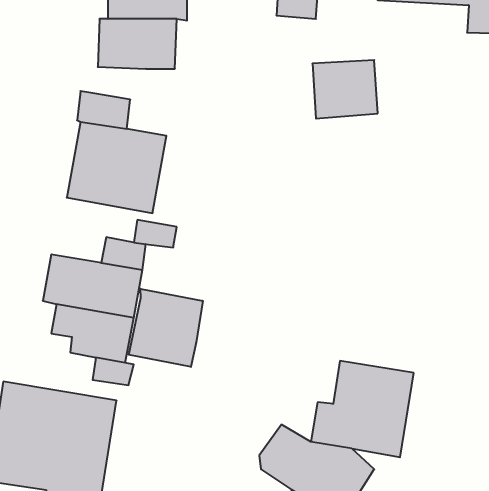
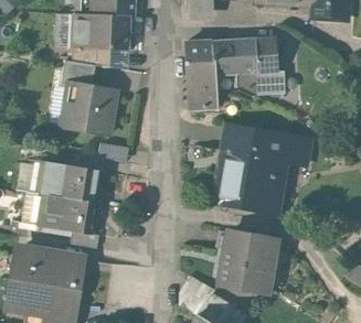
building: none -> [252,39,284,96]
building: none -> [183,42,216,110]
building: none -> [70,44,105,65]
building: none -> [219,125,312,214]
building: [129,289,203,367] -> none

